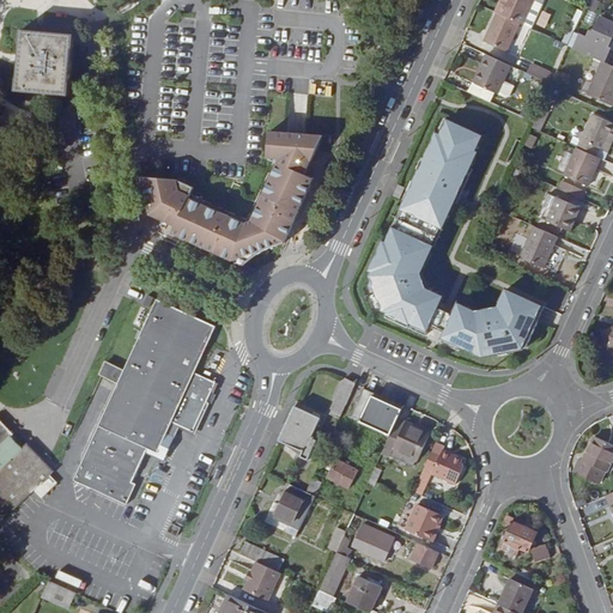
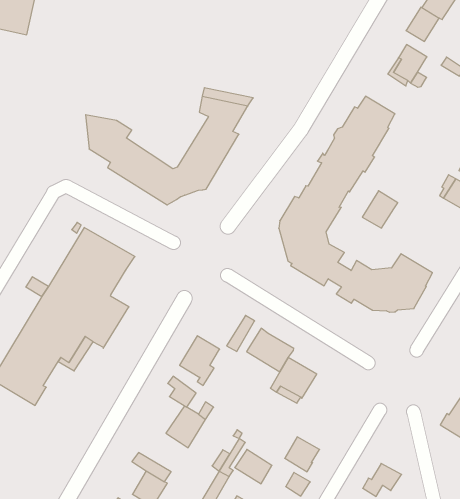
building: [520,226,557,267] -> [362,191,398,228]
building: [423,441,462,482] -> none
building: [323,454,356,486] -> [168,376,196,407]

